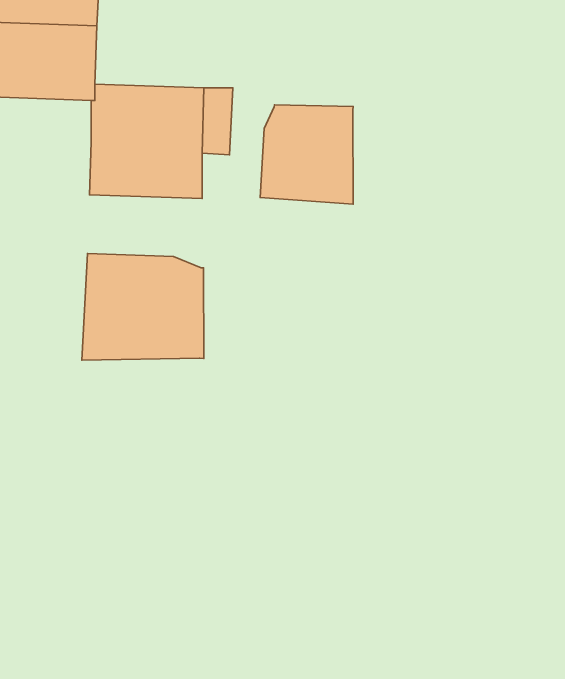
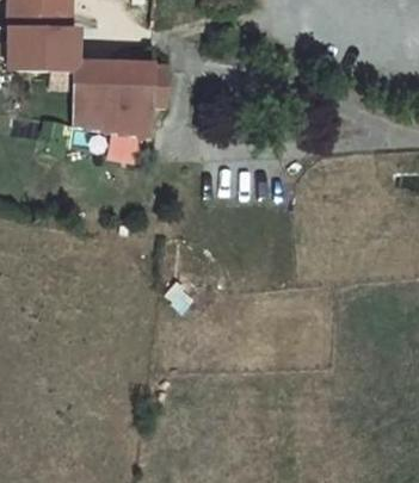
building: [260,105,353,204] -> none
building: [82,254,204,360] -> none

